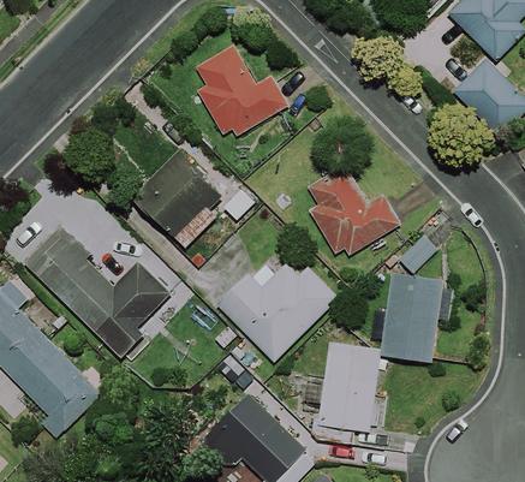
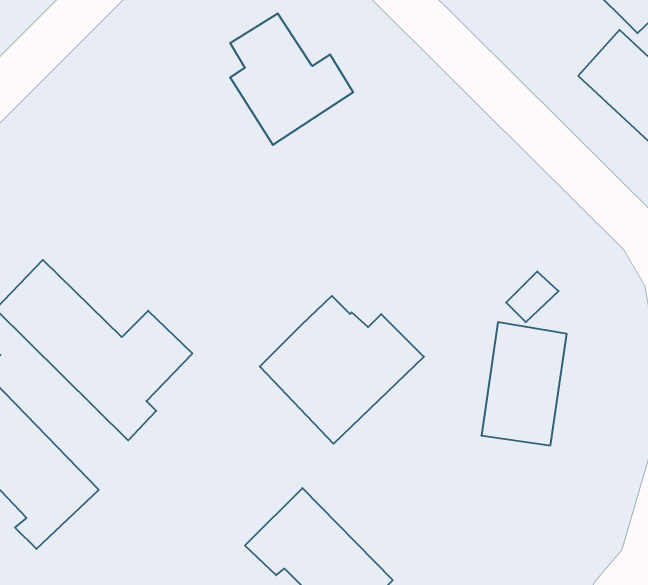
building: [131,148,219,248] -> none
building: [306,163,400,255] -> none
building: [299,341,380,430] -> none

